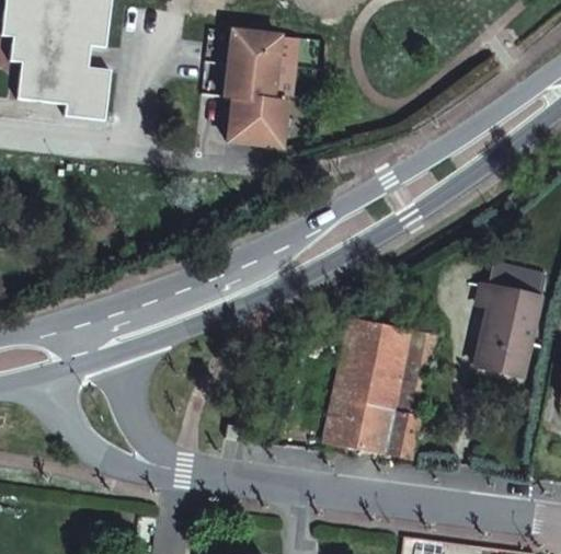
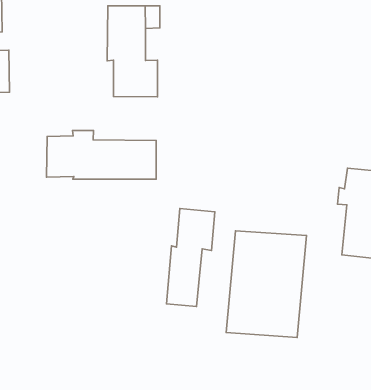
building: none -> [47,130,156,179]
building: none -> [166,209,215,307]

